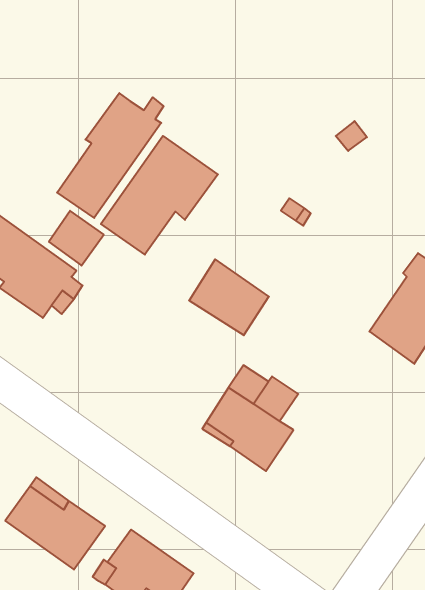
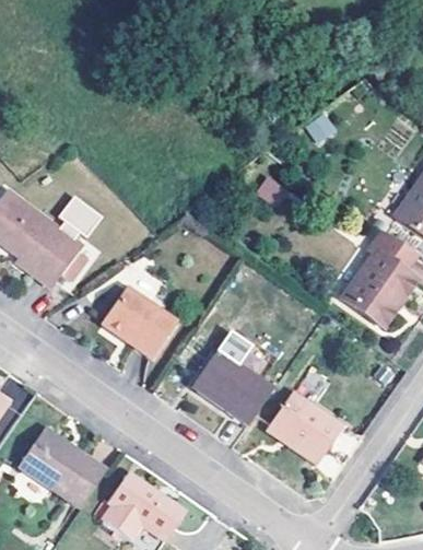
building: [57,93,164,218] -> none
building: [101,136,218,255] -> none
building: [189,259,269,335] -> [103,288,173,354]
building: none -> [266,390,338,459]

